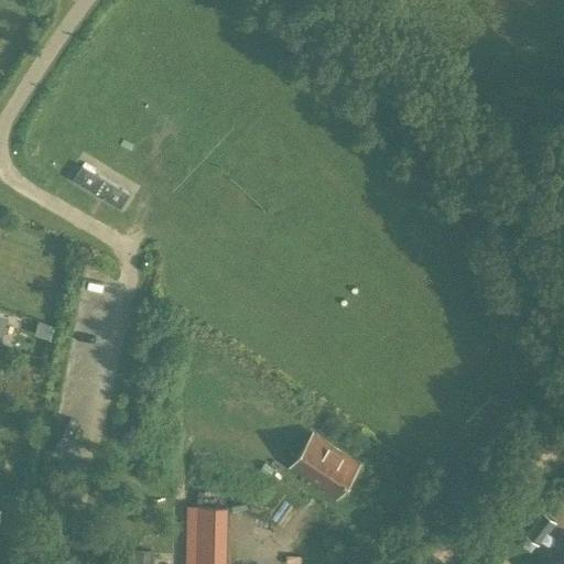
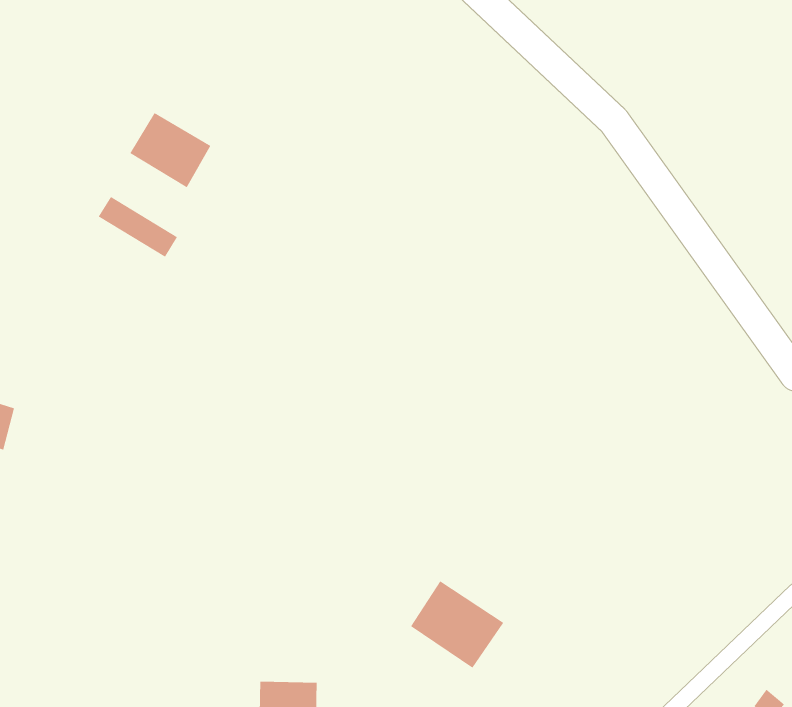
building: none -> [129,112,211,188]

